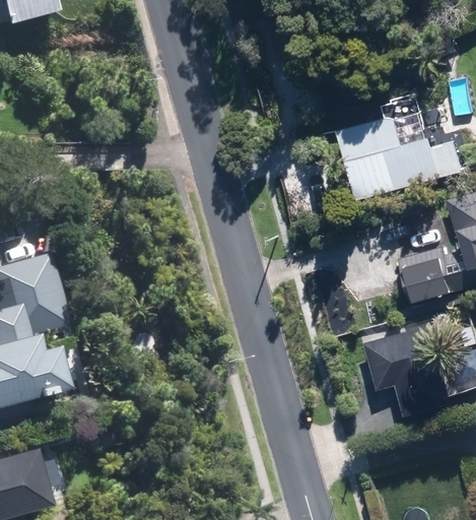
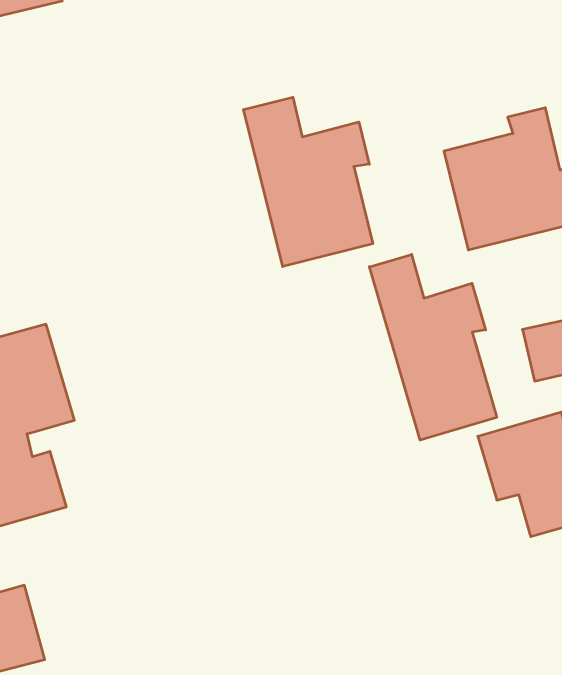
building: none -> [243,97,373,267]
building: none -> [369,254,497,440]

